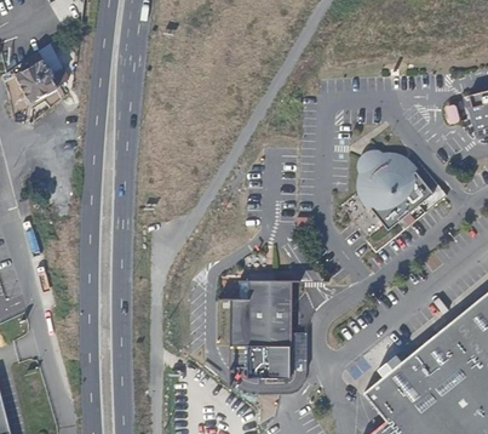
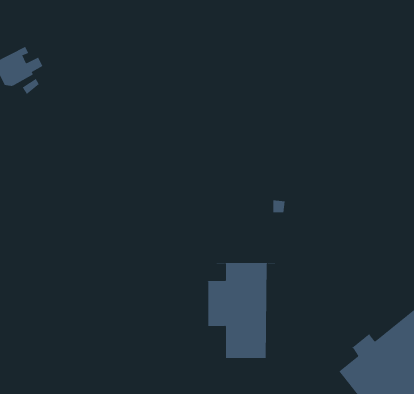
building: [358,152,434,230] -> none

